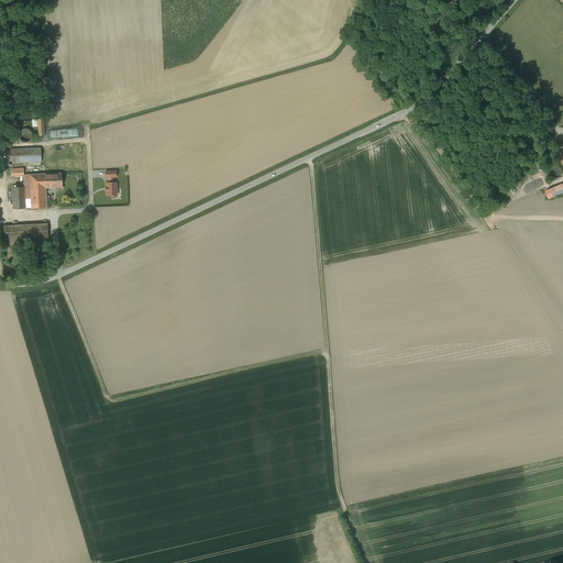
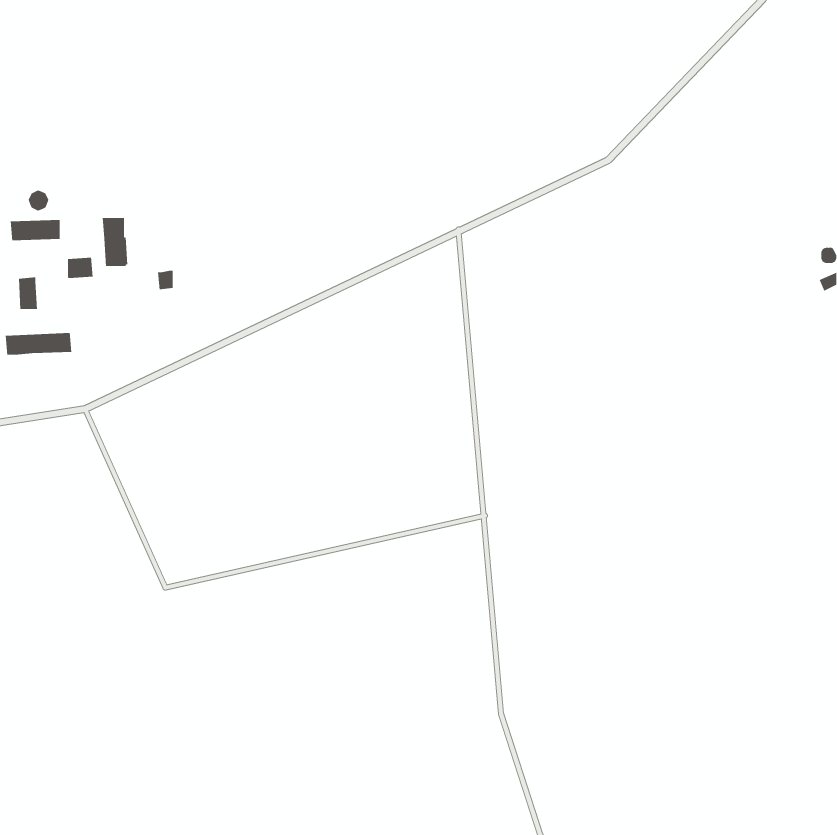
building: [30,174,47,207] -> [102,217,128,266]

